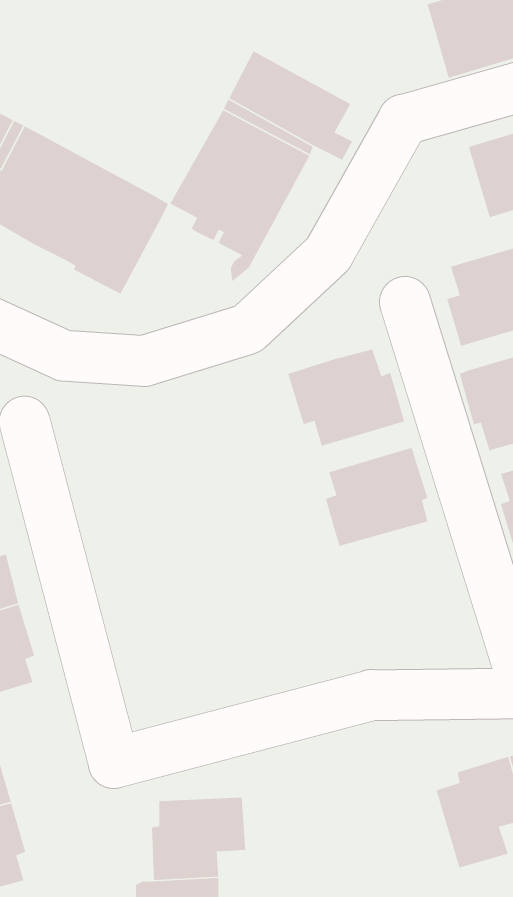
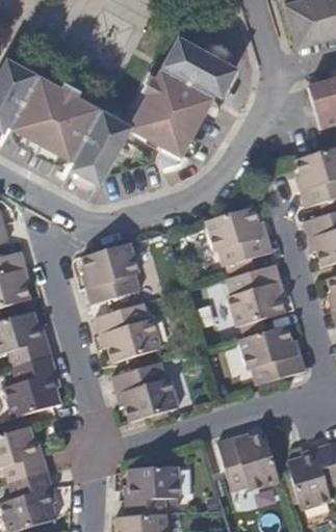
building: none -> [80,242,138,301]
building: none -> [94,303,160,361]
building: none -> [237,324,305,383]
building: none -> [111,362,179,422]
building: none -> [219,433,279,493]

